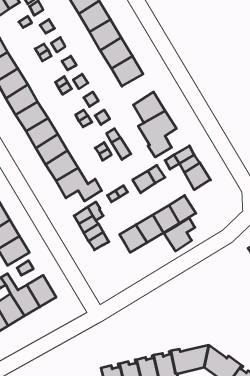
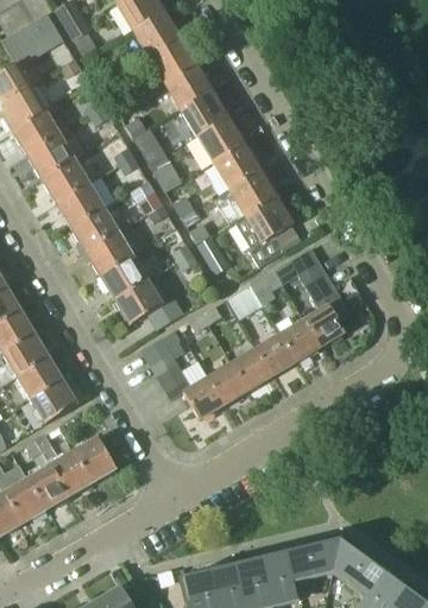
building: none -> [212,142,258,188]
building: [164,218,195,251] -> [303,297,348,346]
building: none -> [183,376,224,418]

